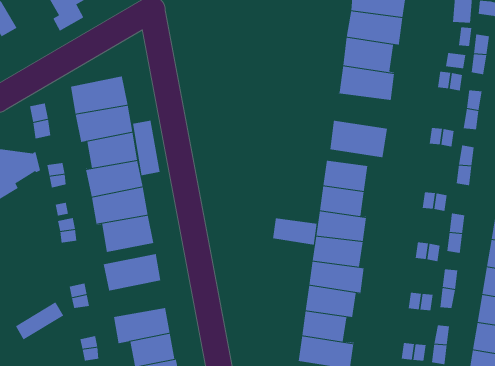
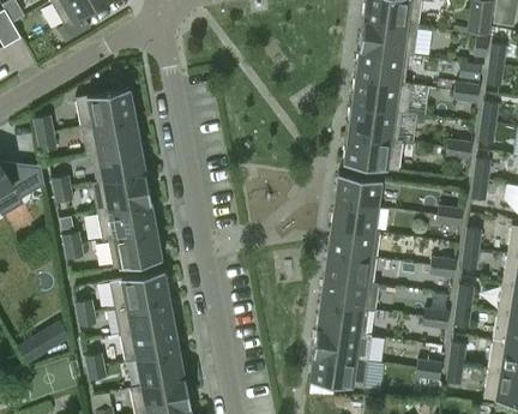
building: none -> [345,107,405,143]
building: [132,120,161,179] -> none
building: [273,218,317,245] -> none
building: none -> [115,299,174,336]

